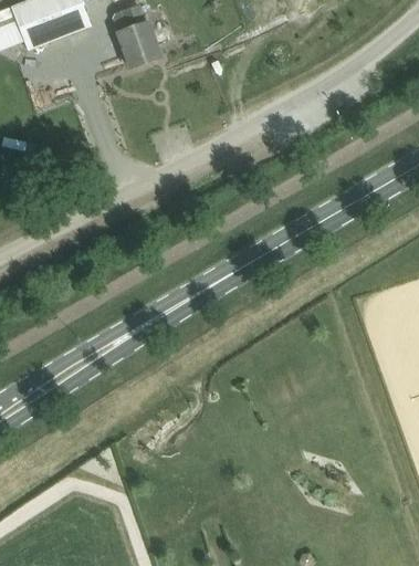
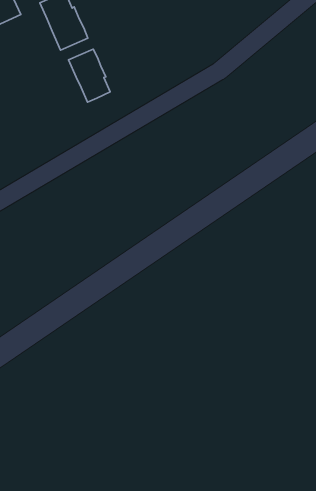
building: none -> [69,49,110,102]

